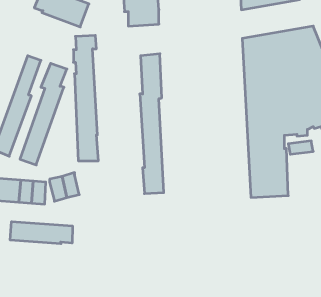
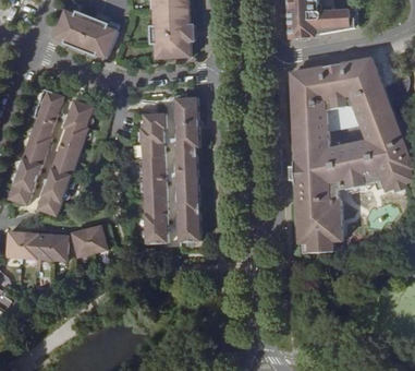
building: [73,35,98,161] -> [141,106,169,249]
building: [10,222,72,244] -> none

